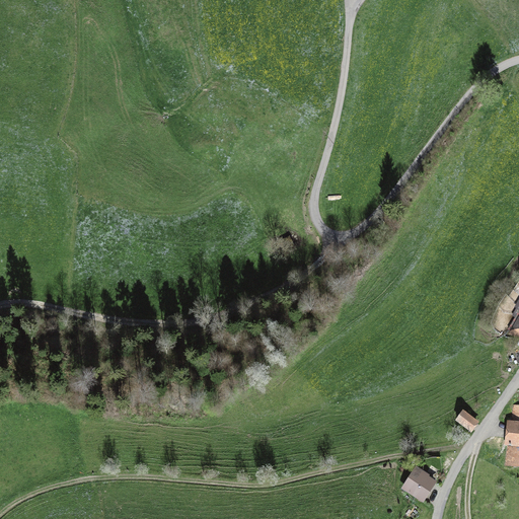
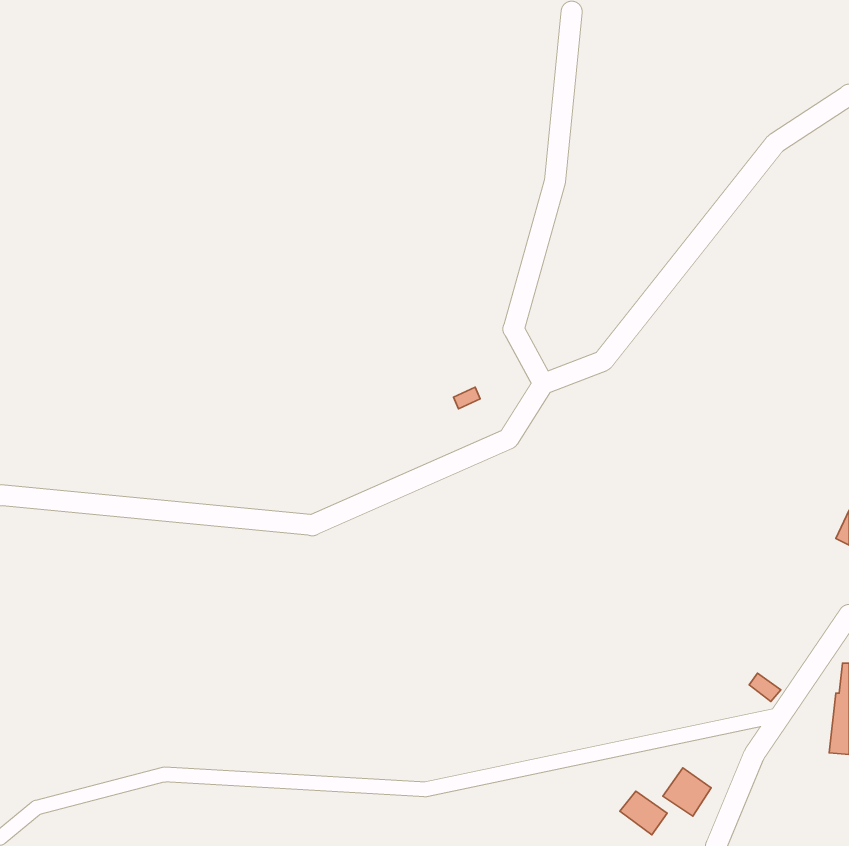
building: none -> [620,791,667,835]

